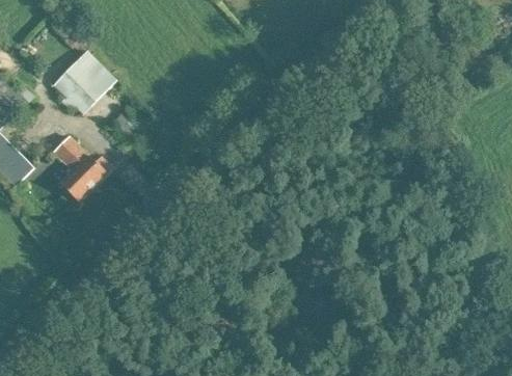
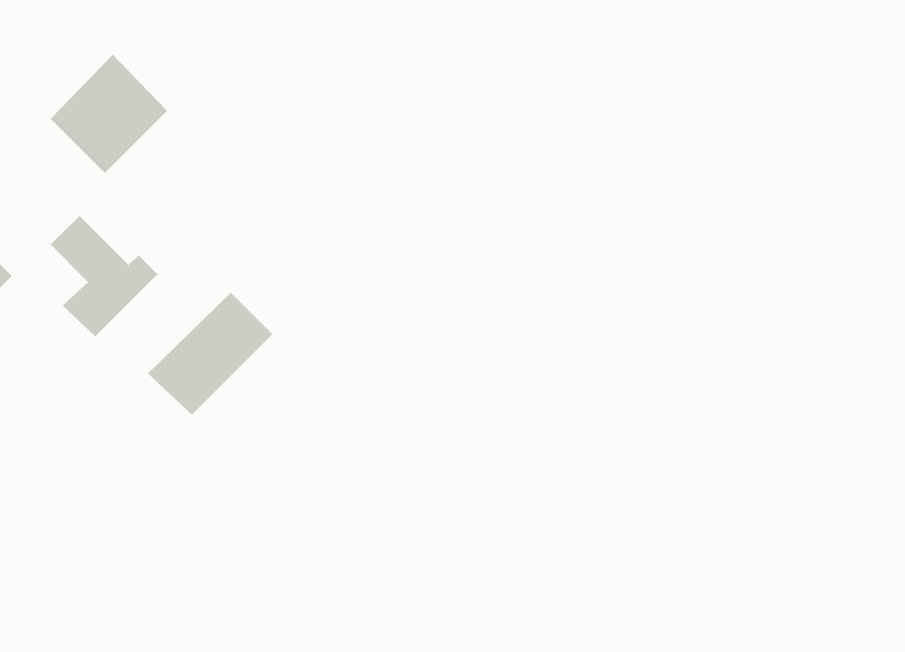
building: none -> [147,292,273,416]

